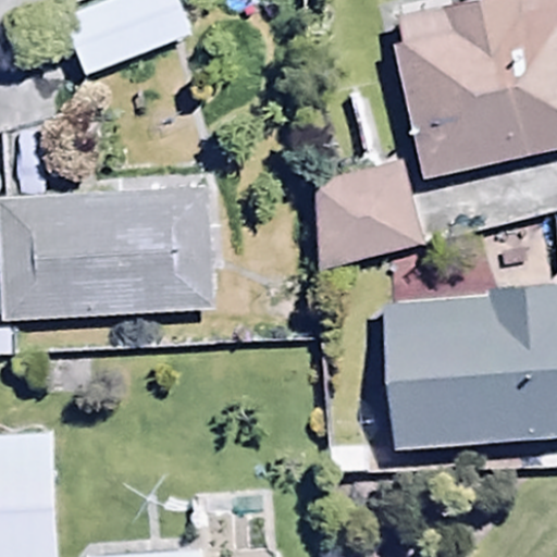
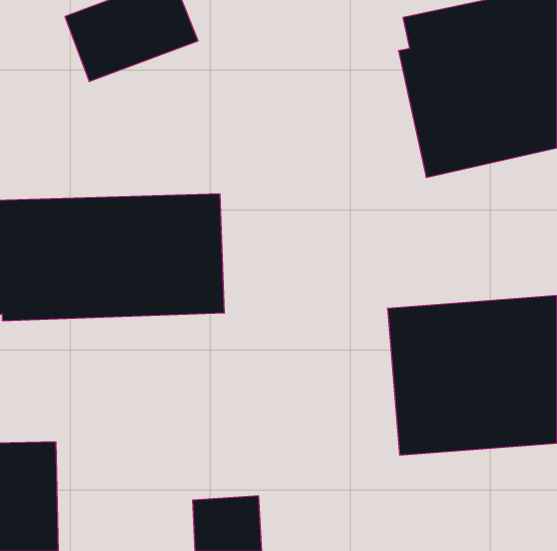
building: [313,161,423,268] -> none

